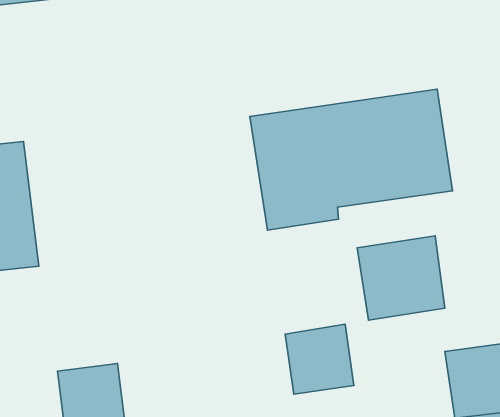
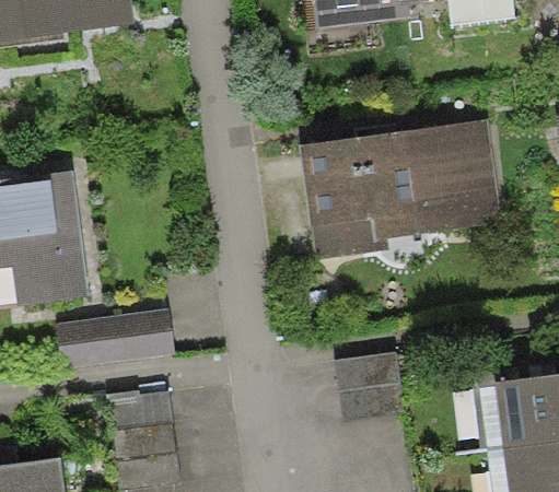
building: [357,236,445,320] -> none
building: none -> [56,308,175,366]

